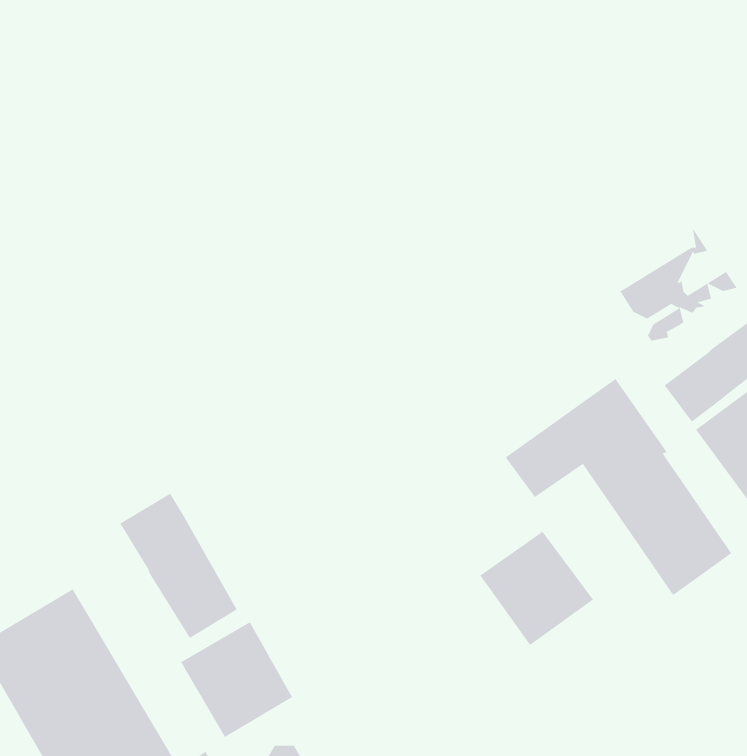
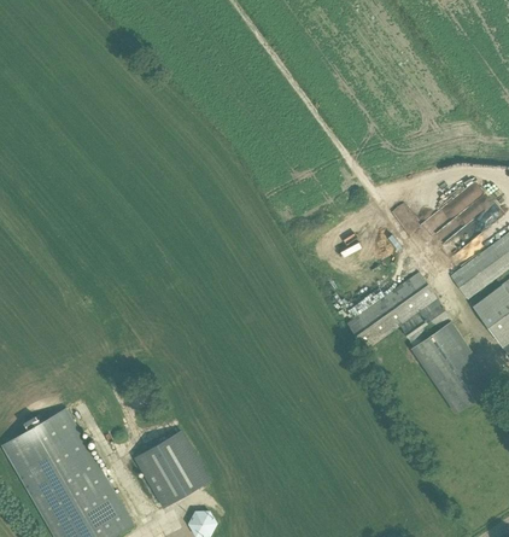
building: [120,493,238,639] -> none
building: [479,531,594,646] -> none

